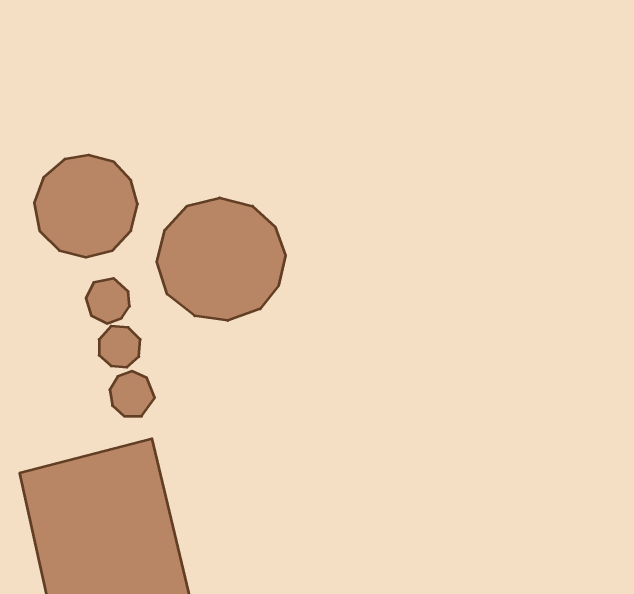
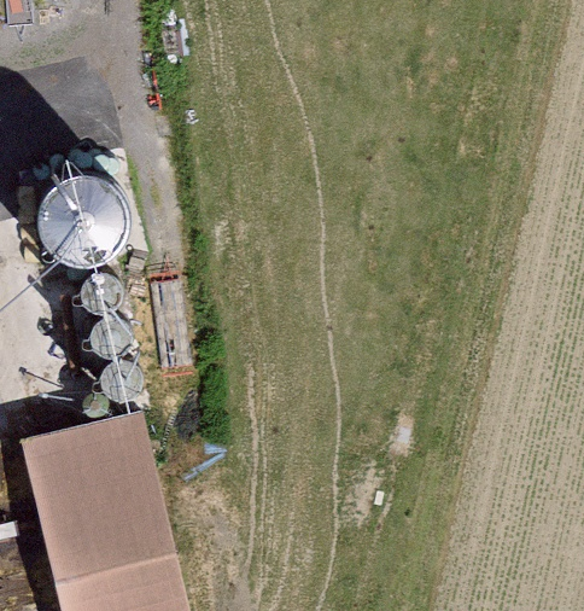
building: [157,198,286,321] -> none

